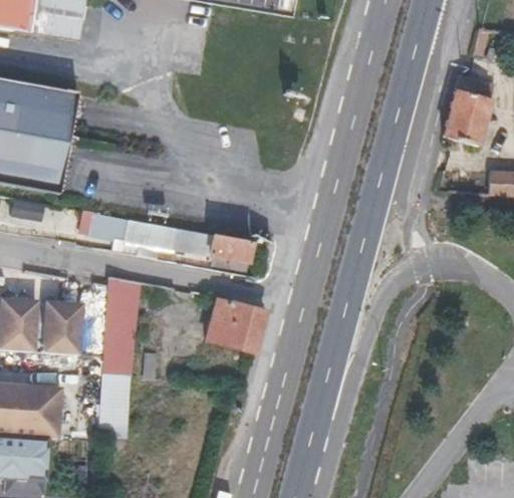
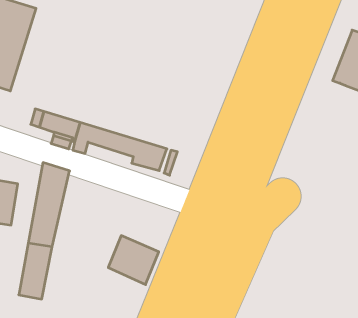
building: [205,297,263,352] -> [108,236,159,285]

